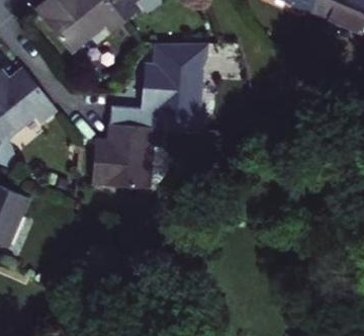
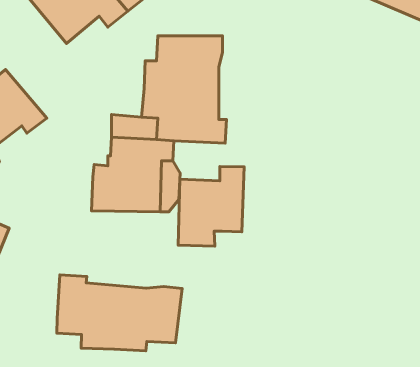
building: none -> [178,167,244,246]
building: none -> [57,275,182,351]

